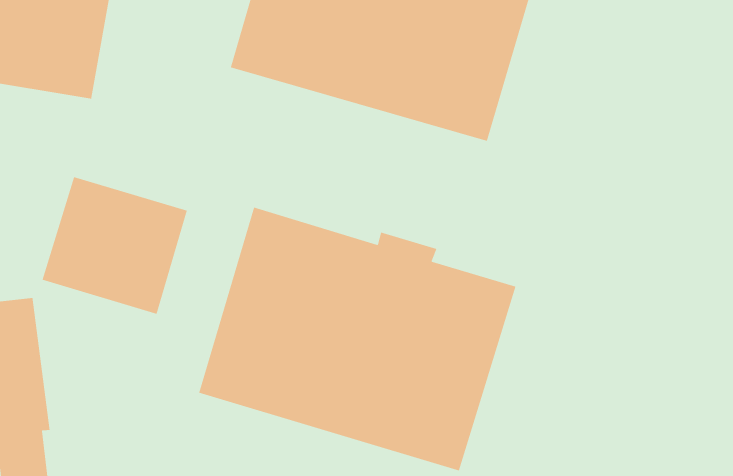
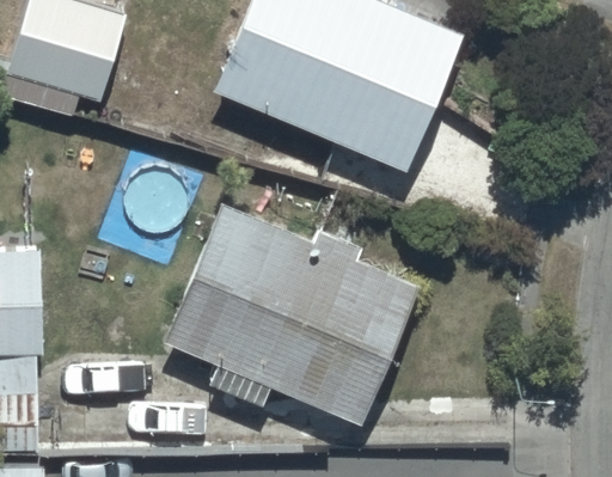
building: [42,176,188,315] -> none

